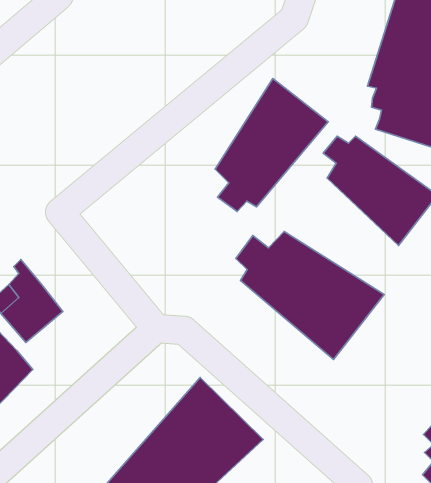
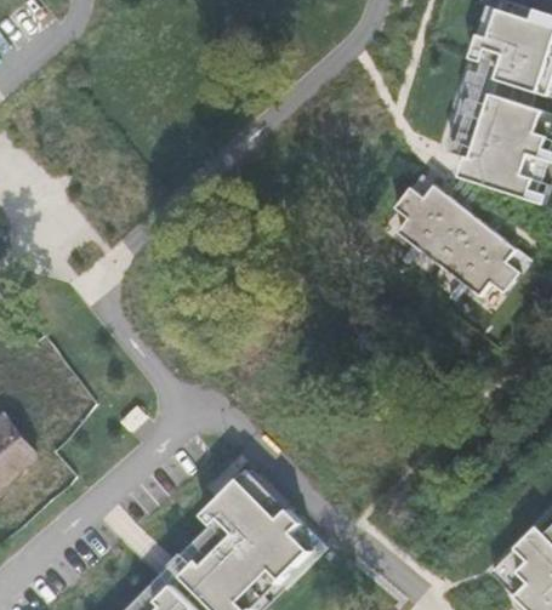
building: [215,79,328,212] -> none
building: [236,232,384,359] -> none

